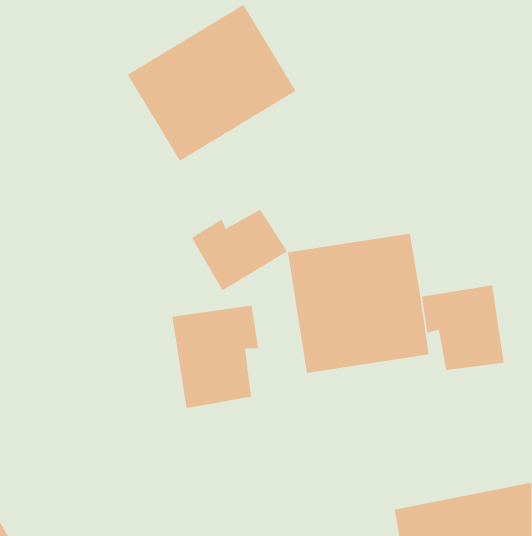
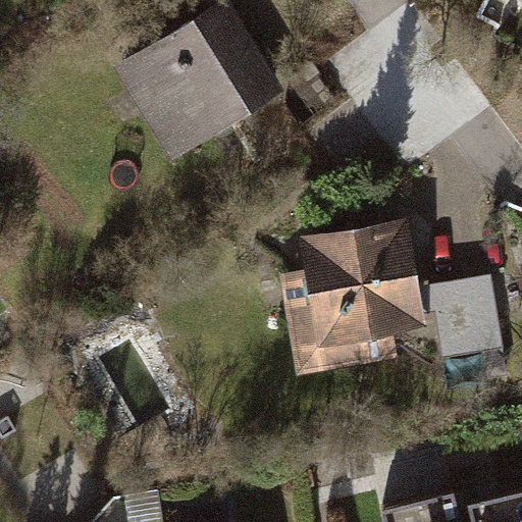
building: [191,209,288,291] -> none
building: [172,305,259,409] -> none

